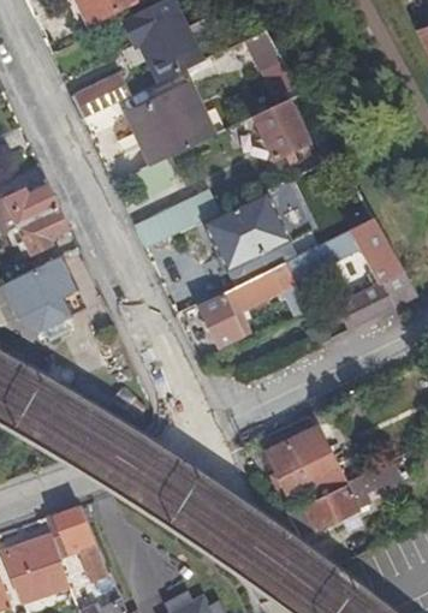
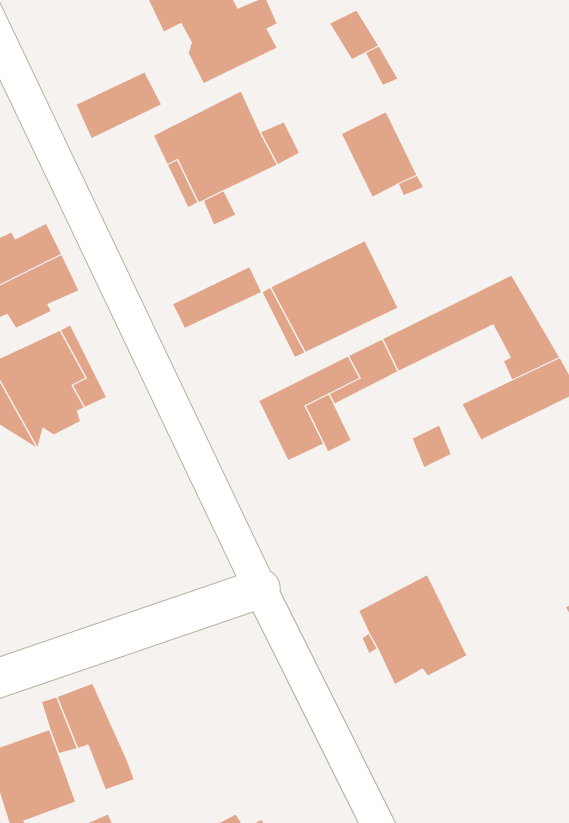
building: [292,460,398,534] -> none

